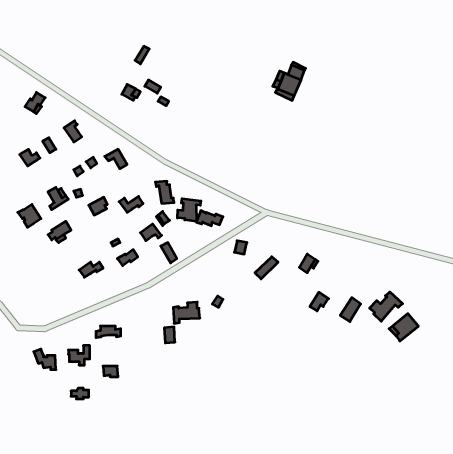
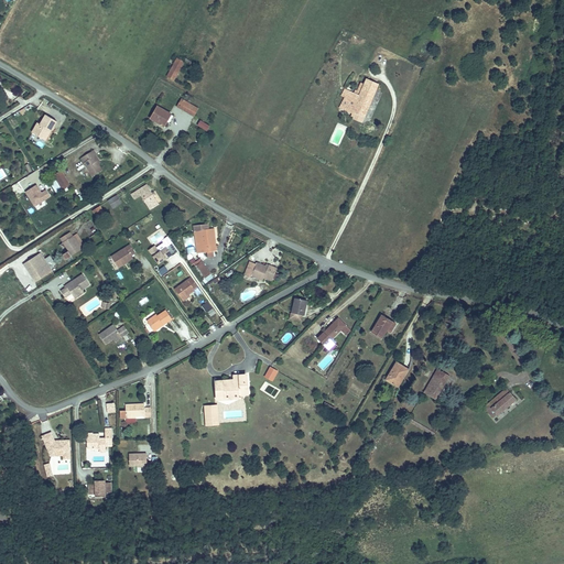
building: [177,199,201,222] -> none
building: [370,292,403,321] -> none

